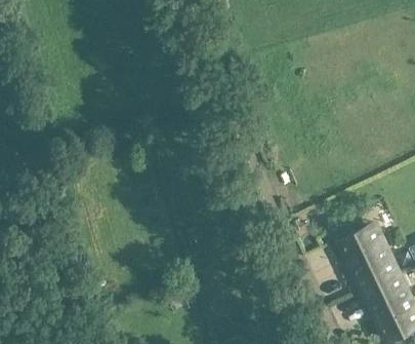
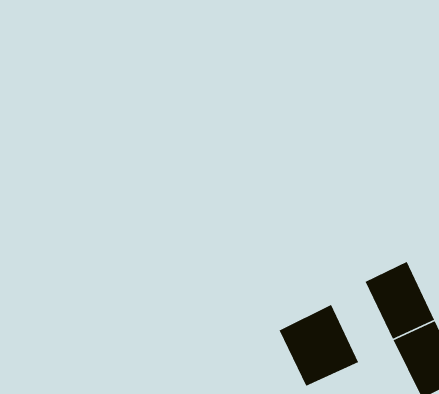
building: none -> [278,304,359,387]

